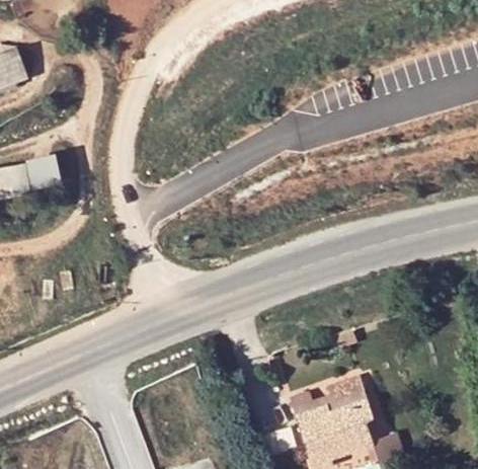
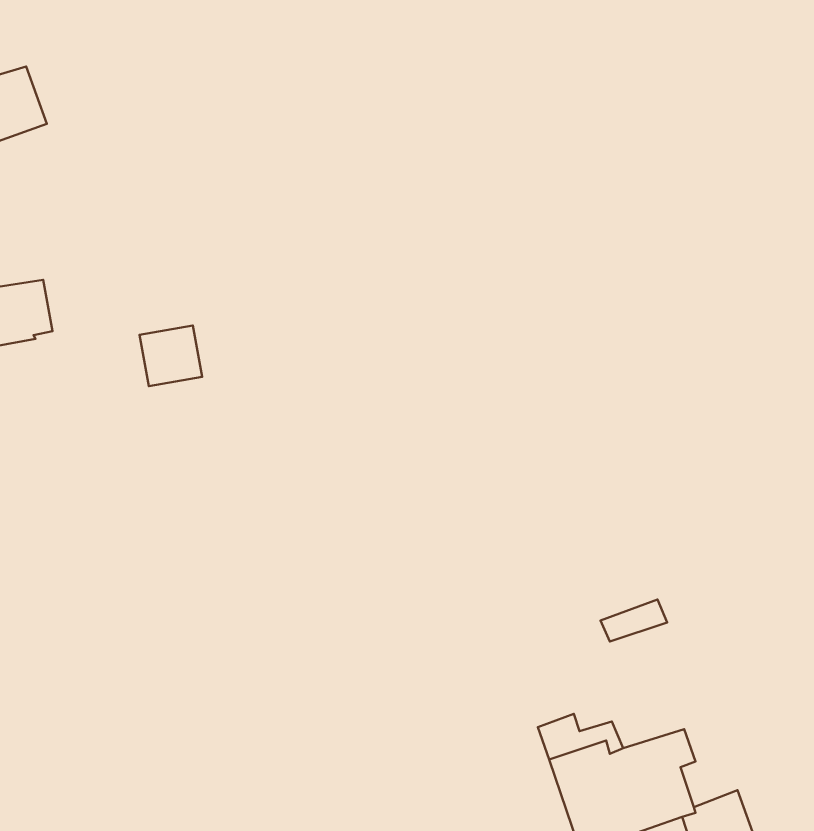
building: [26,157,60,189] -> [139,325,202,386]
building: [328,378,368,411] -> none

